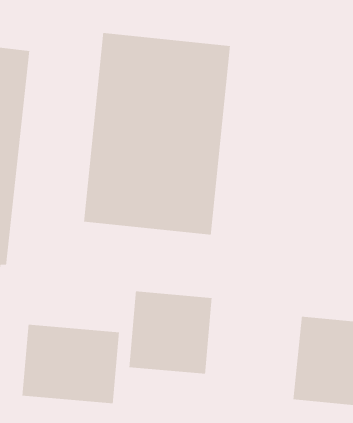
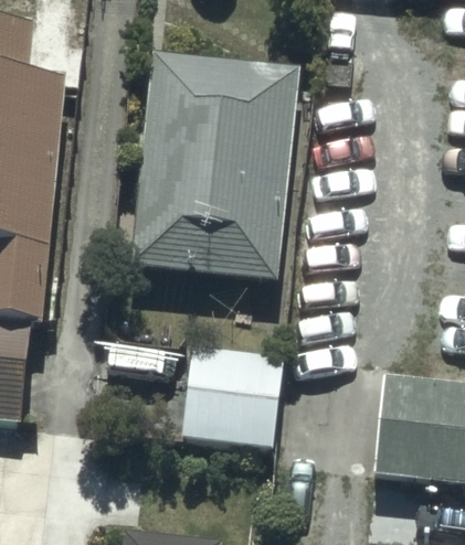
building: [22,324,120,404] -> none

